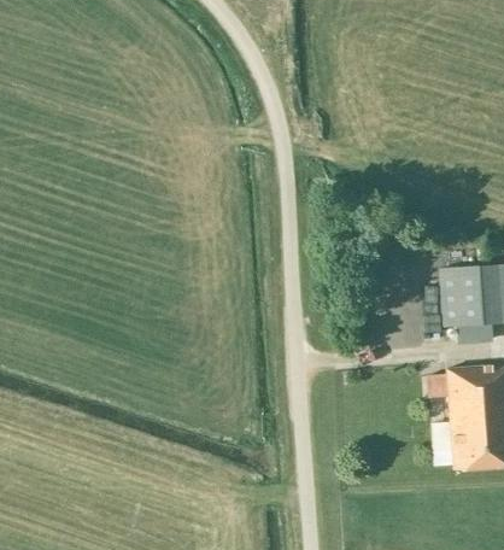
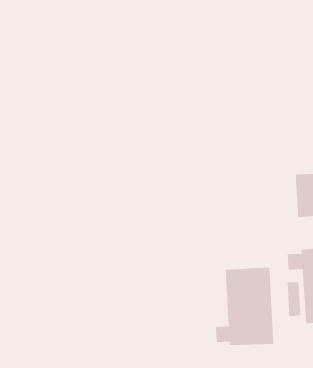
building: none -> [215,267,274,346]

